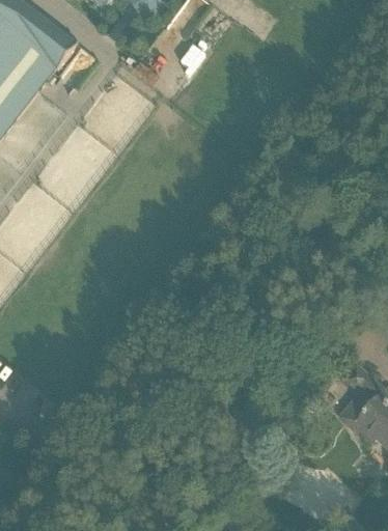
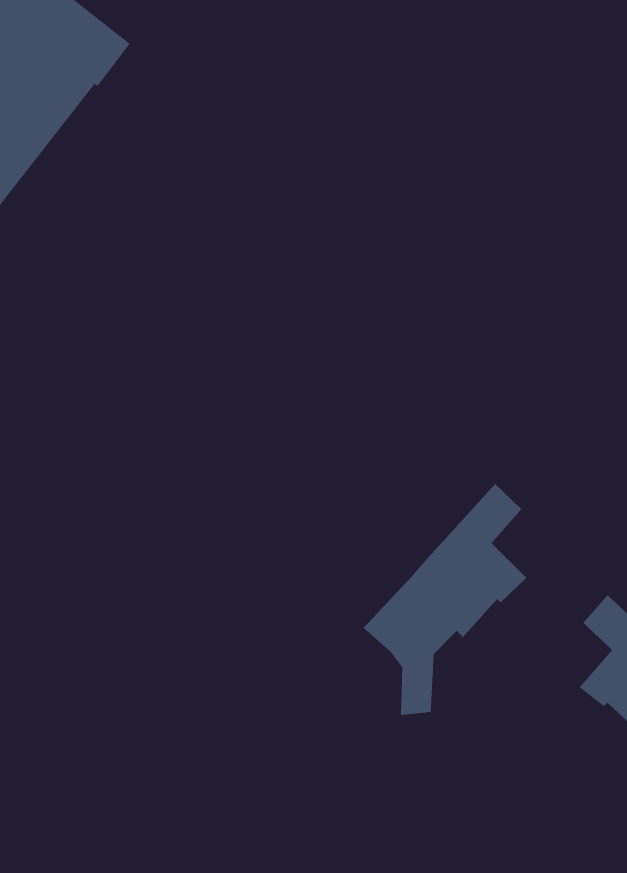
building: none -> [363,483,527,716]

